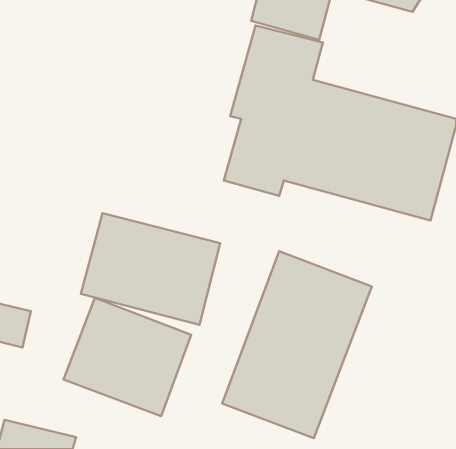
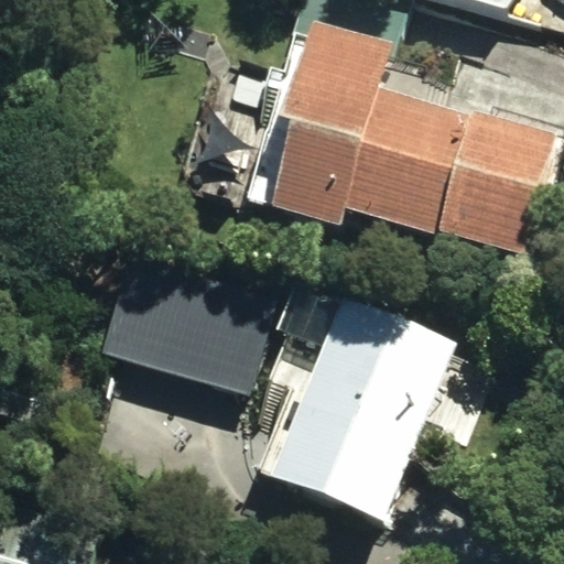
building: [64,298,191,416] -> none

